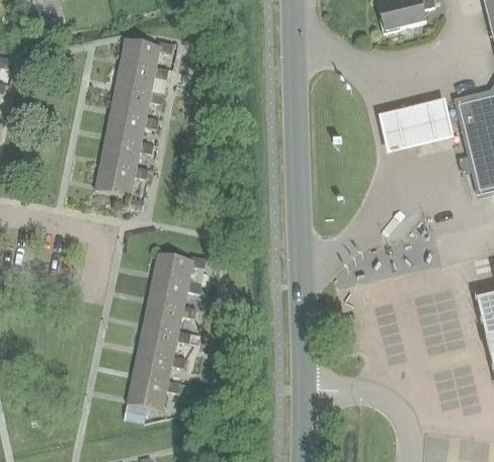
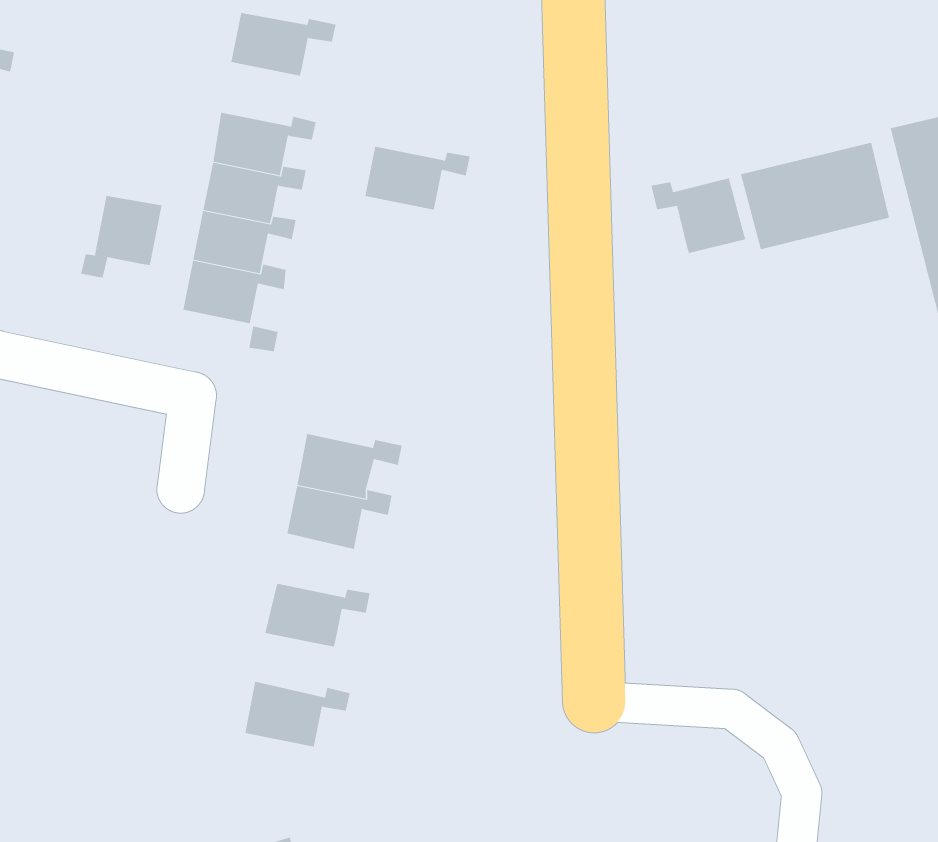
building: [114,65,168,97] -> [364,146,470,210]
building: none -> [651,178,746,254]
building: none -> [81,195,162,278]
building: [143,303,196,336] -> none
building: [132,354,185,386] -> none

